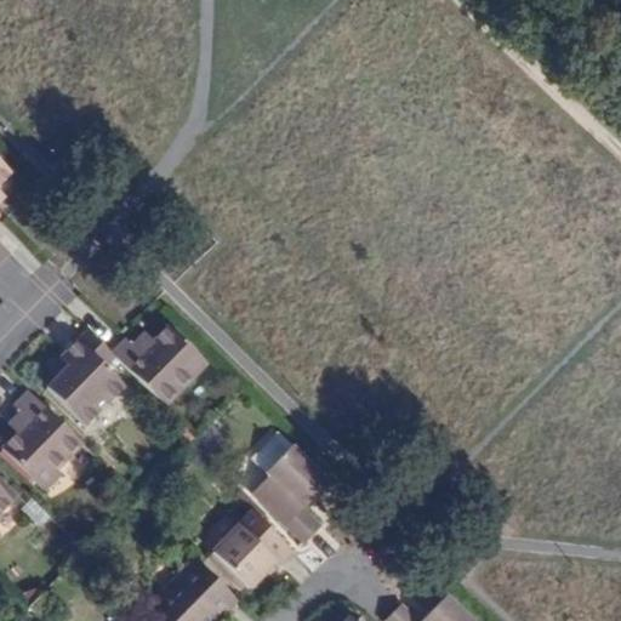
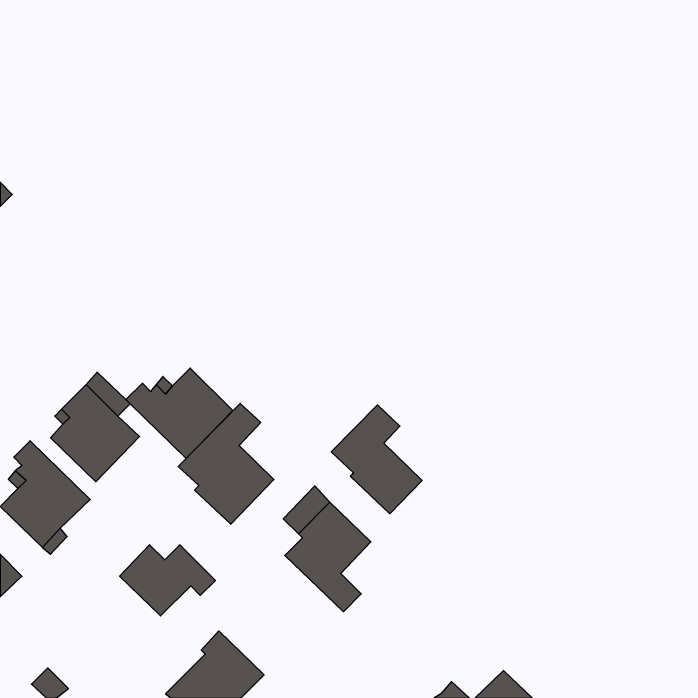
building: none -> [178,403,274,524]
building: none -> [331,405,422,514]
building: [210,522,295,585] -> [120,545,215,616]

